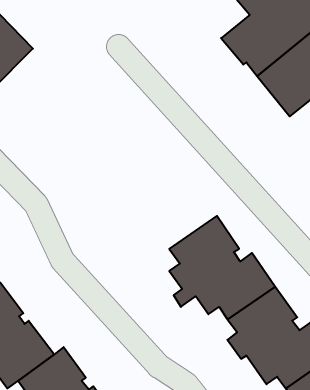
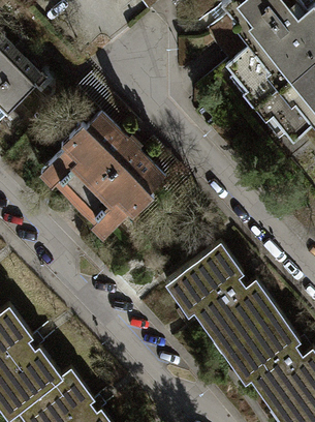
building: none -> [45,114,164,233]

